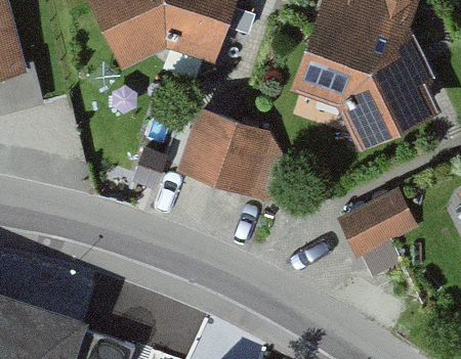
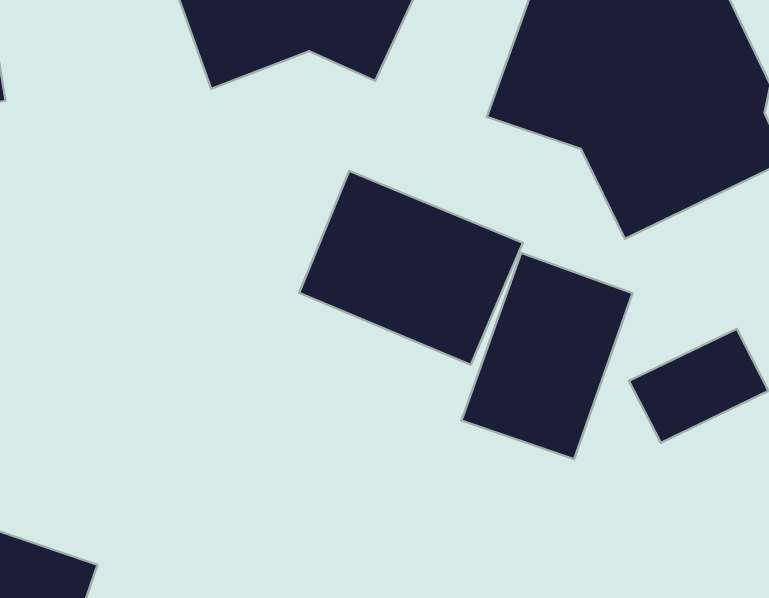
building: none -> [461,253,633,459]

